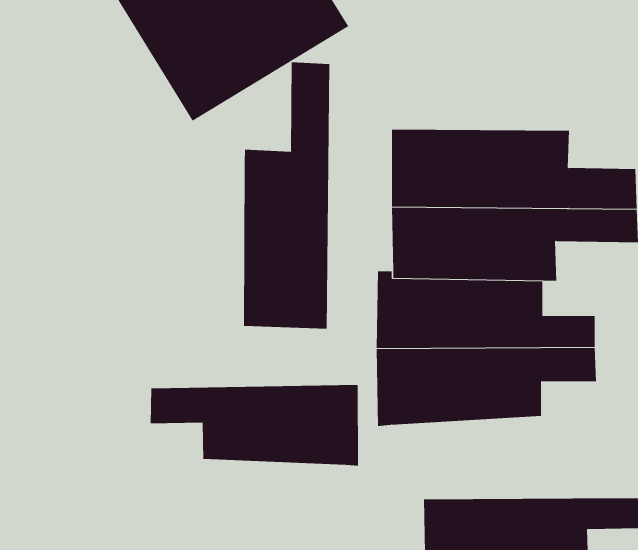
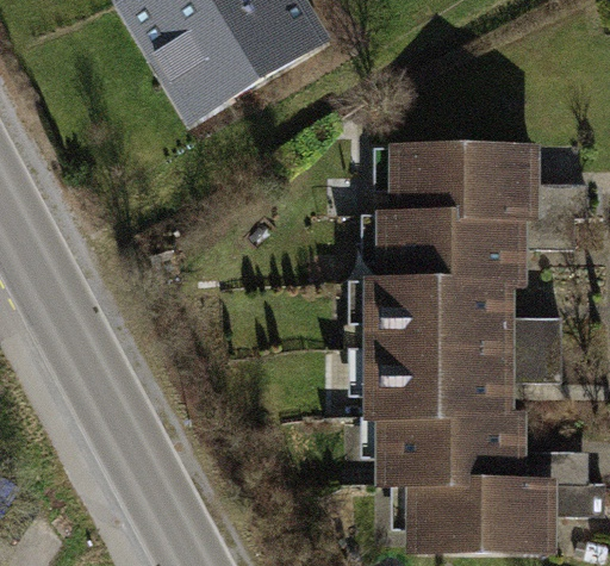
building: [244,61,330,330] -> none
building: [150,384,359,466] -> none
building: none -> [373,408,590,485]

